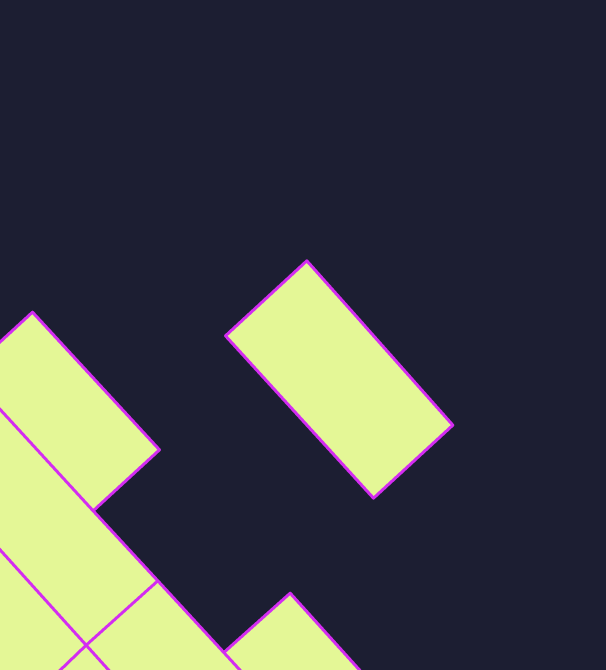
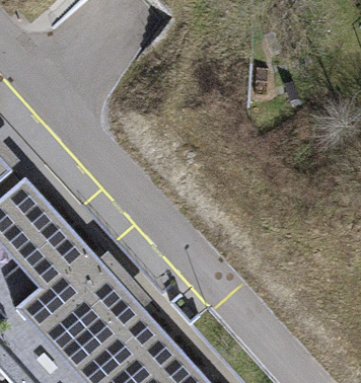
building: [225,261,453,498] -> none
building: none -> [59,257,170,372]

